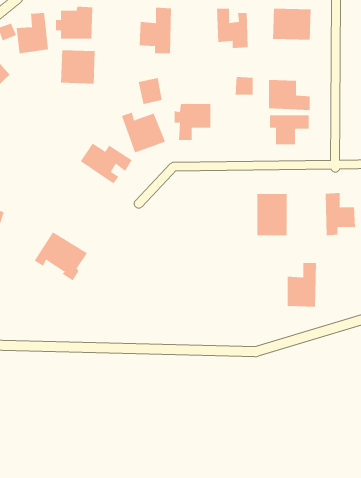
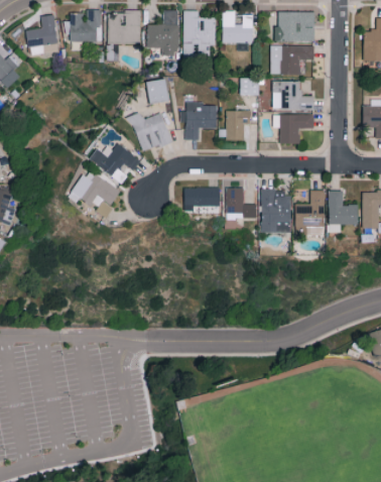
building: none -> [182,10,215,55]
building: none -> [270,45,313,75]
building: [60,50,95,84] -> [107,11,141,44]
building: none -> [226,111,250,141]
building: none -> [183,188,220,212]
building: none -> [226,189,257,219]
building: [34,231,88,281] -> [68,169,120,218]
building: [287,263,317,307] -> [295,191,325,234]

